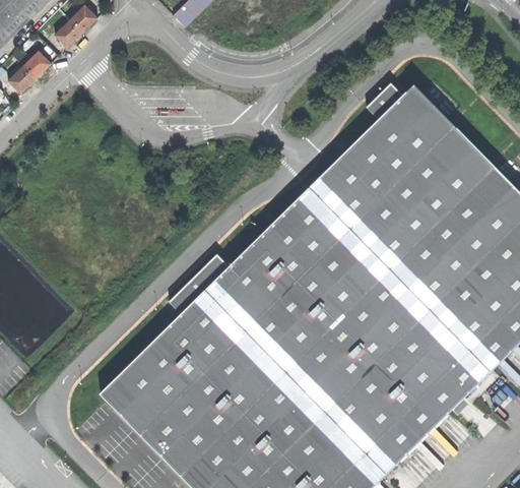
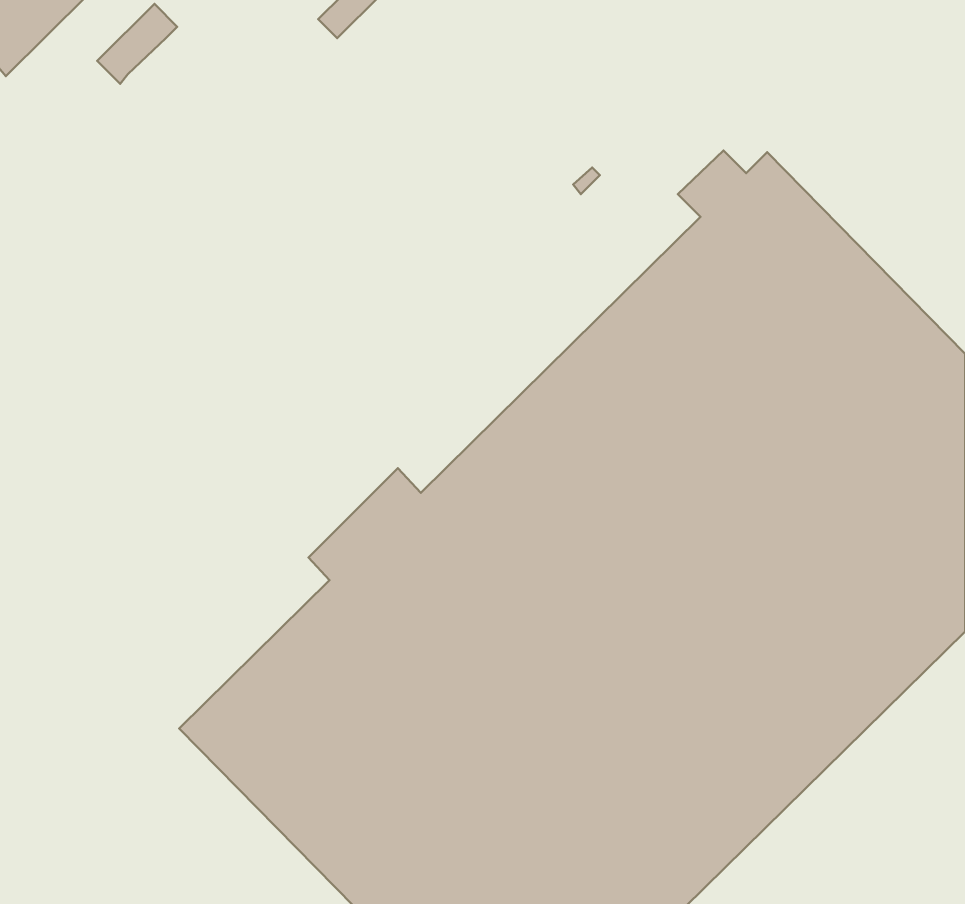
building: [9,52,52,94] -> none

